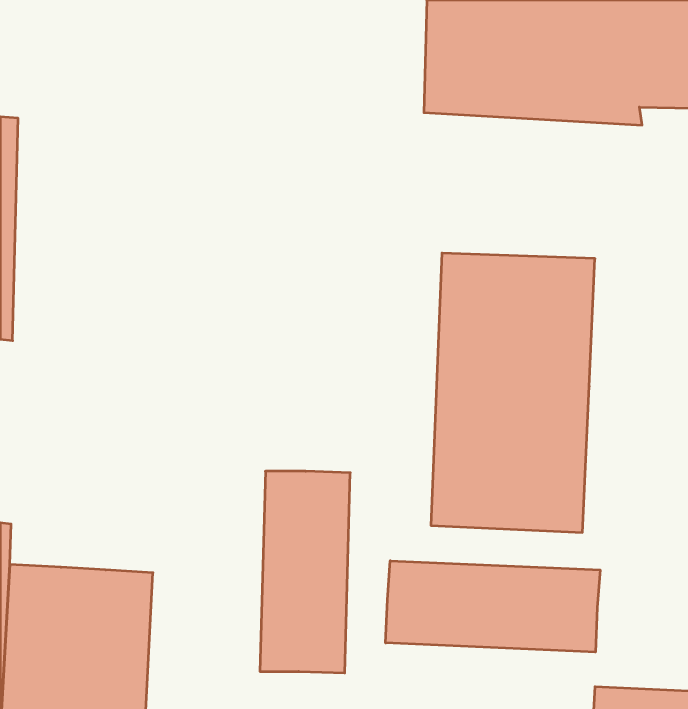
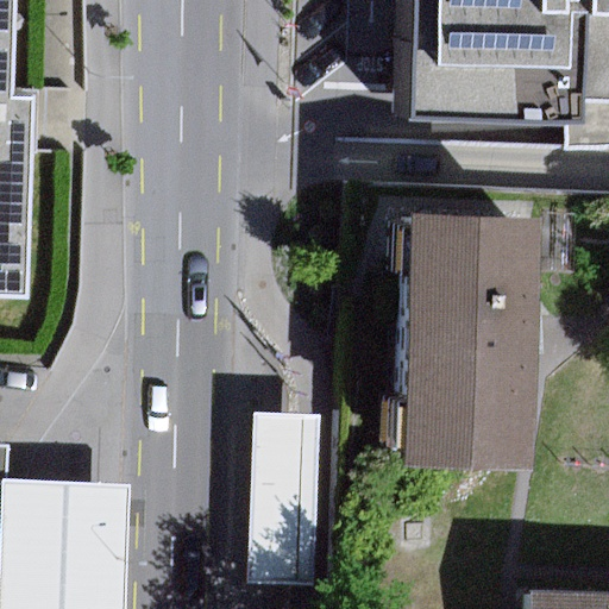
building: [386,561,600,652] -> none

